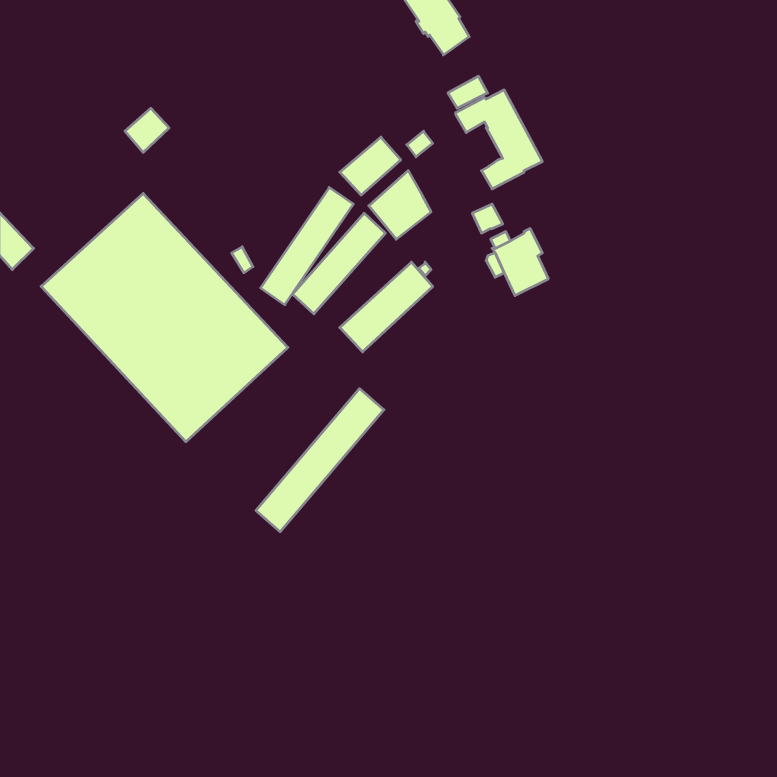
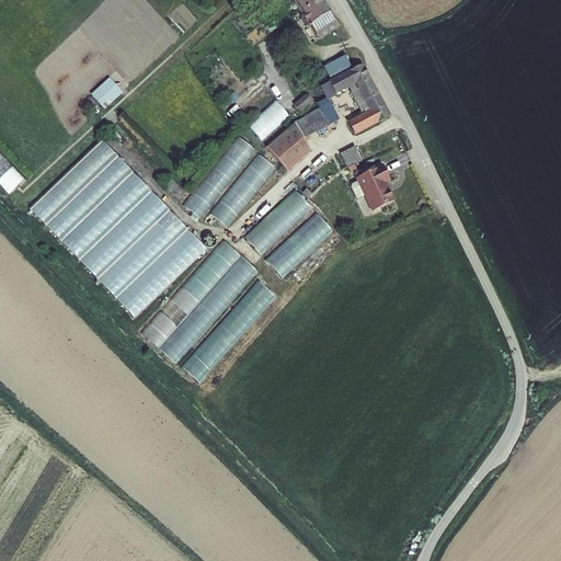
building: none -> [294,82,337,140]
building: none -> [266,211,333,276]
building: none -> [144,240,257,363]

